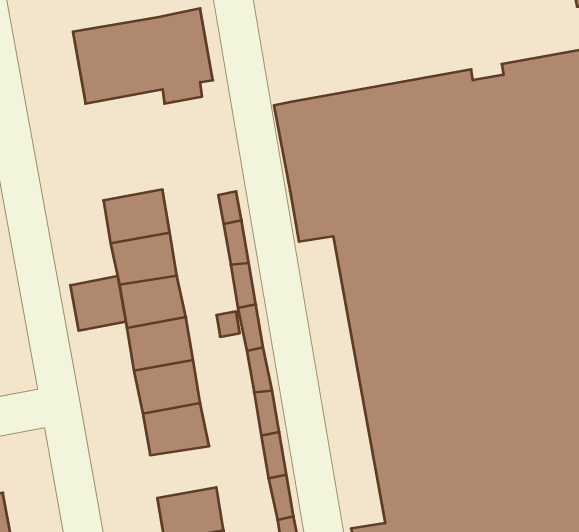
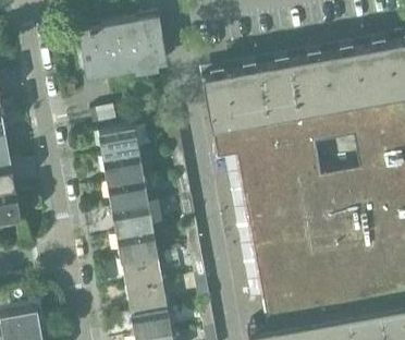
building: [70,276,126,331] -> none
building: none -> [126,283,167,315]

